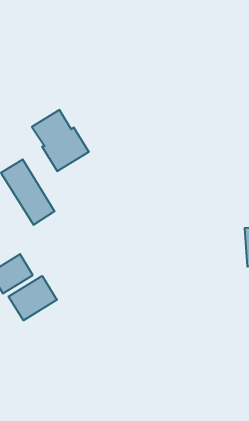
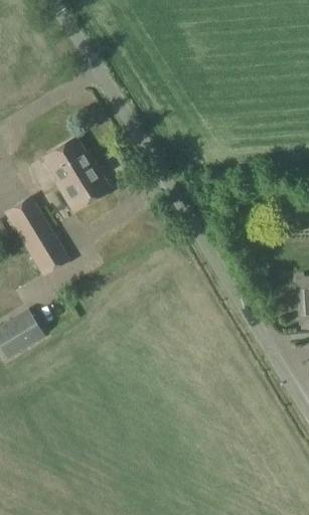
building: [9,276,57,320] -> none

